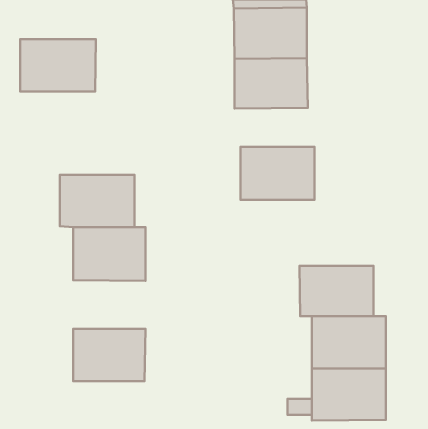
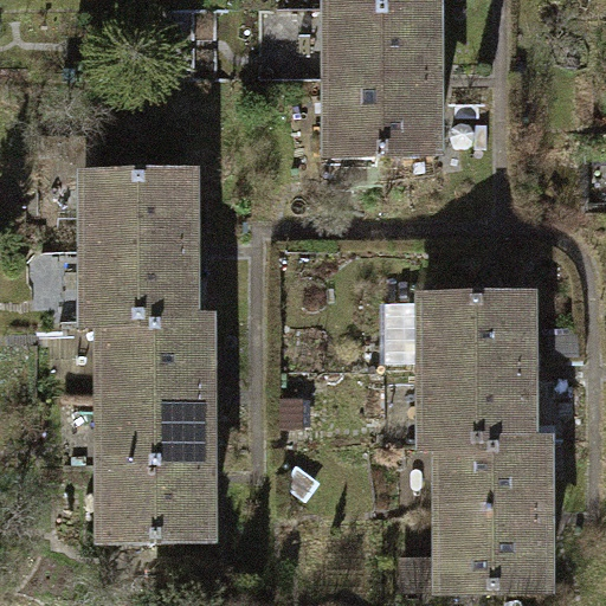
building: [20,39,96,91] -> [86,173,193,246]
building: [241,147,315,200] -> [424,299,528,374]
building: none -> [105,394,207,463]

